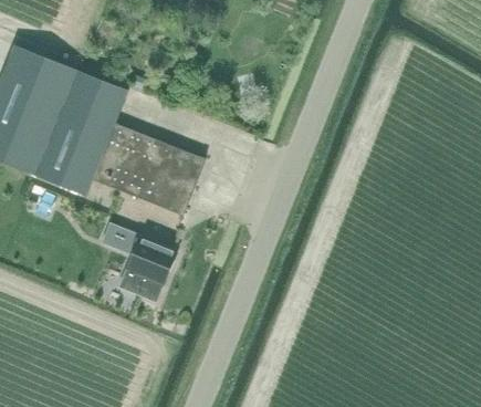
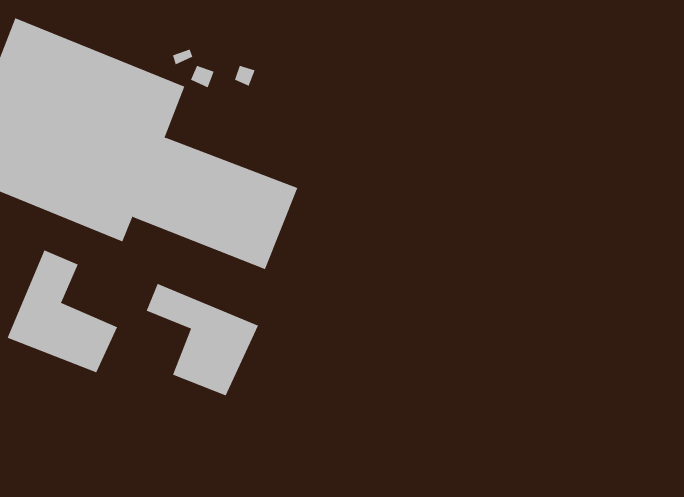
building: none -> [7,250,118,373]

